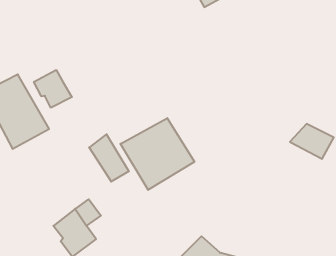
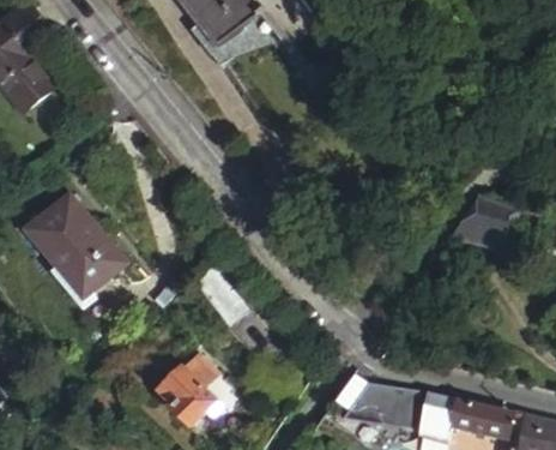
building: [34,70,72,108] -> none
building: [120,118,194,190] -> none

